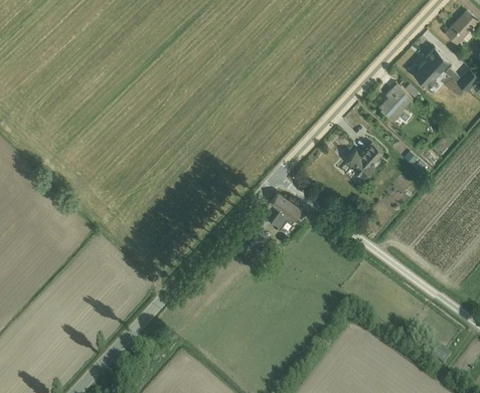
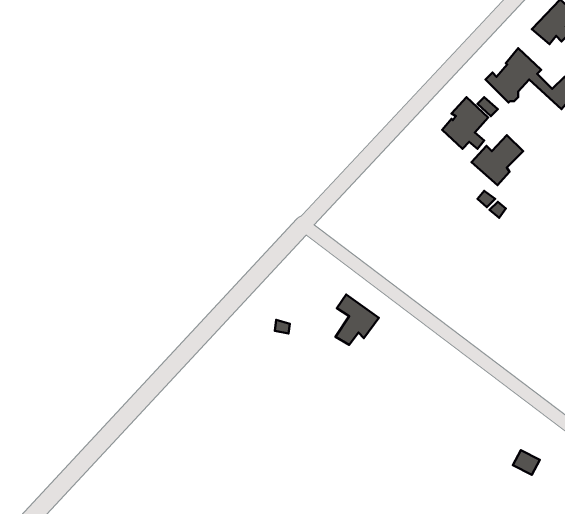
building: [344,141,382,178] -> [472,135,523,185]
building: [269,192,301,229] -> [335,295,379,345]

